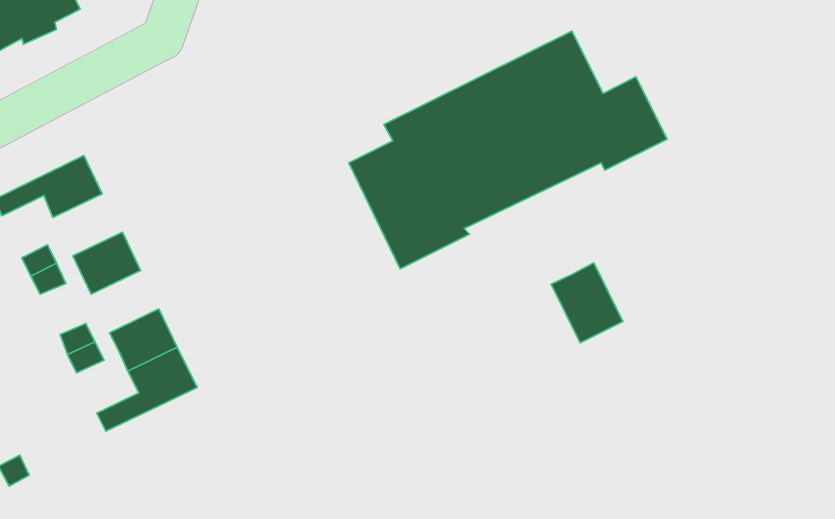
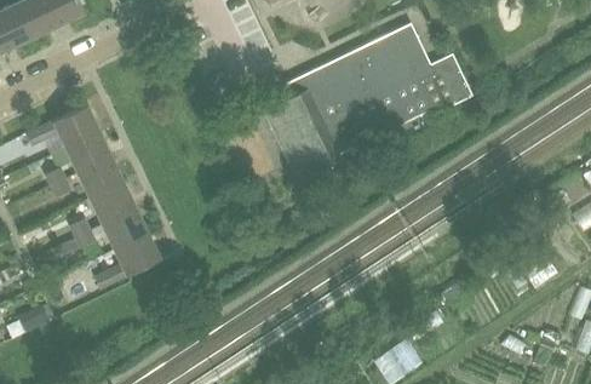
building: none -> [64,131,110,172]
building: [551,263,623,343] -> none
building: none -> [90,182,134,223]

